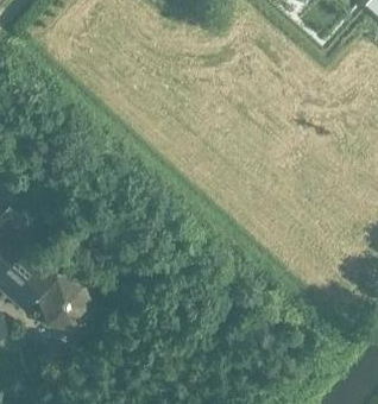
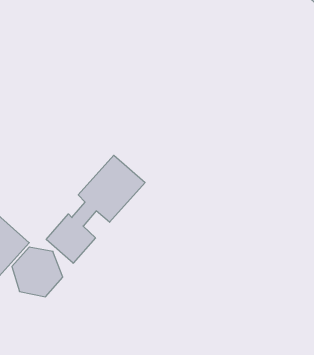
building: none -> [46,155,145,263]

